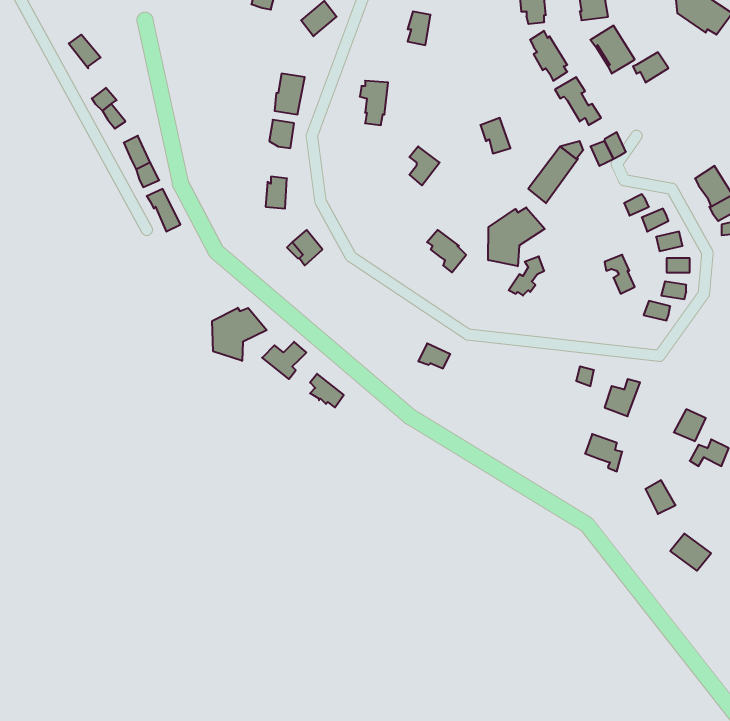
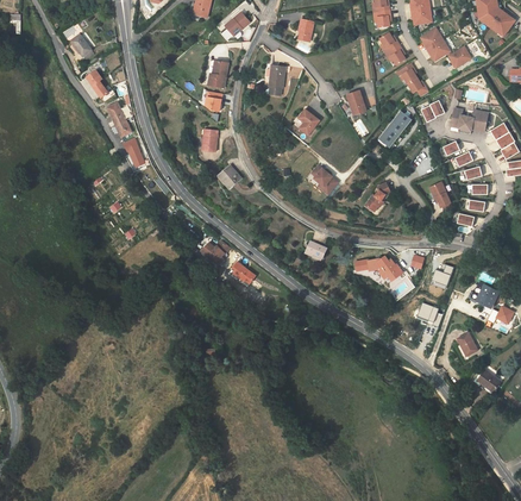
building: none -> [451,108,488,134]
building: [488,207,545,266] -> none
building: [212,308,267,361] -> none
building: none -> [354,257,402,284]

